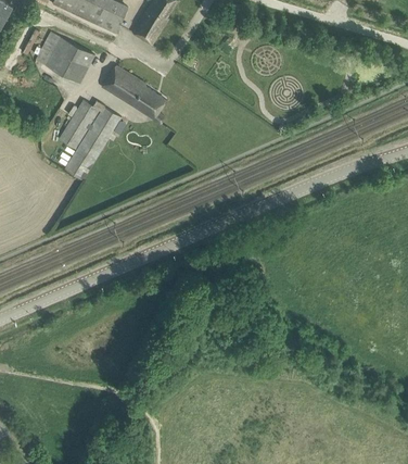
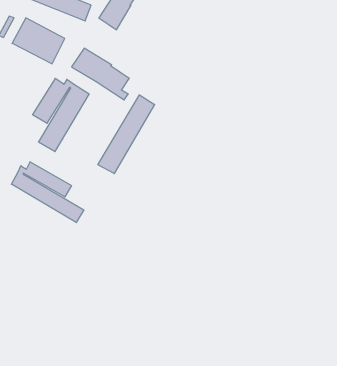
building: none -> [98,95,155,174]
building: none -> [11,162,84,223]

